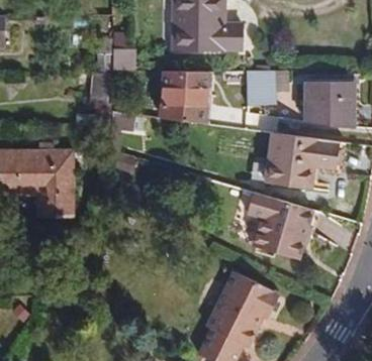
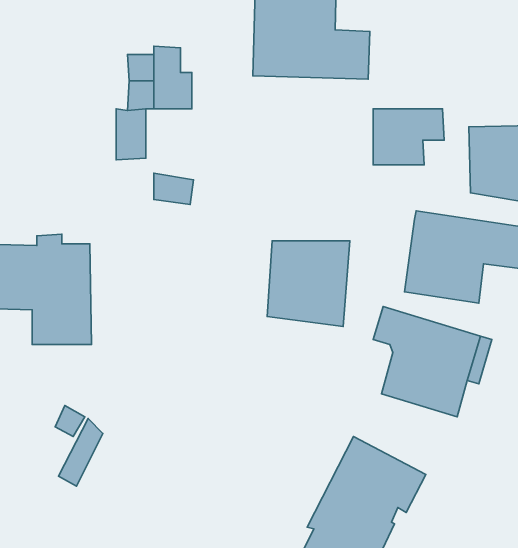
building: [160,71,210,123] -> [267,241,350,327]

